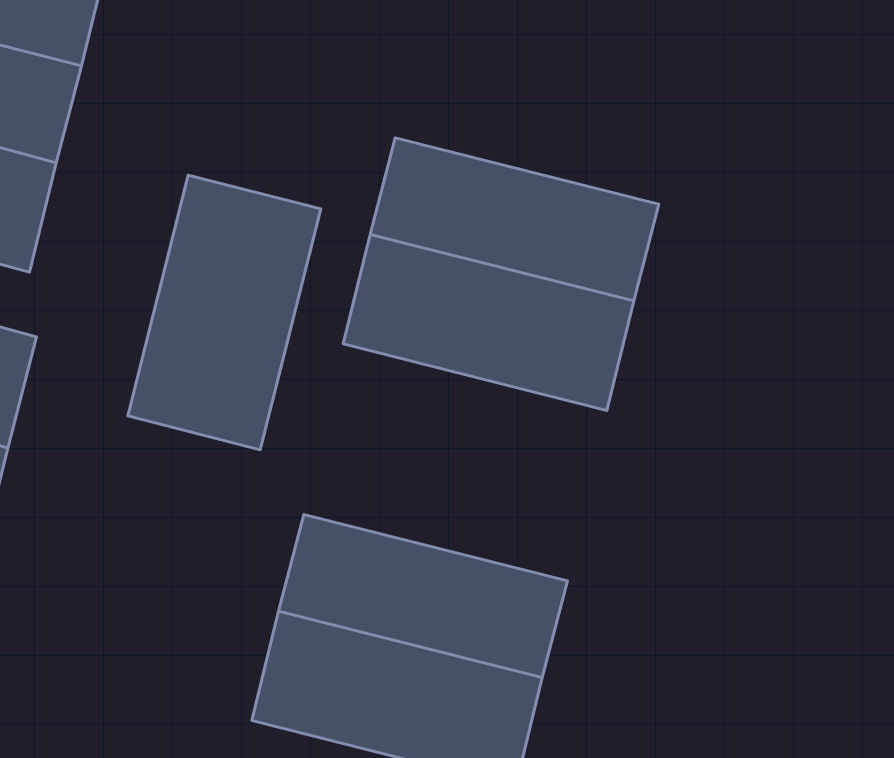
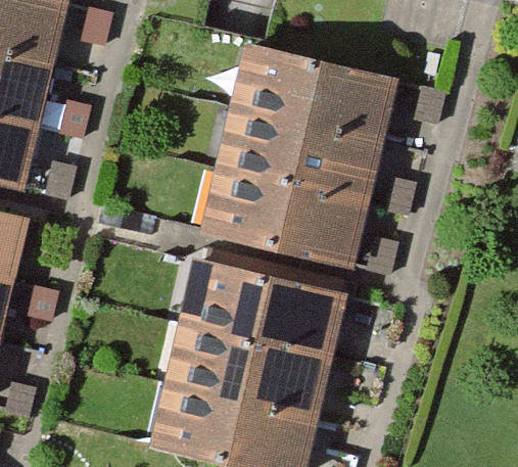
building: none -> [231,44,396,145]
building: [128,175,321,450] -> none
building: none -> [179,260,344,360]

